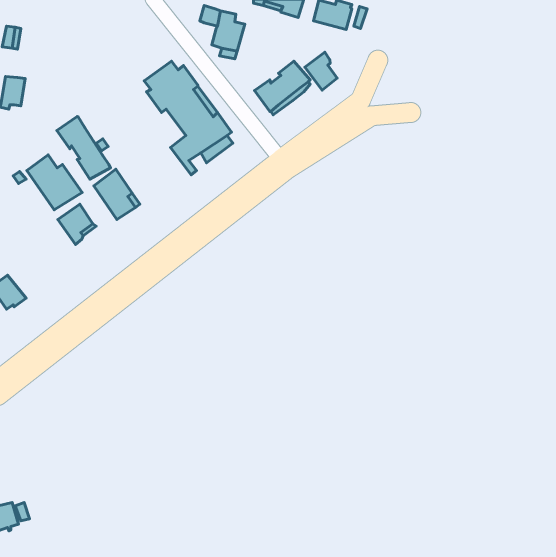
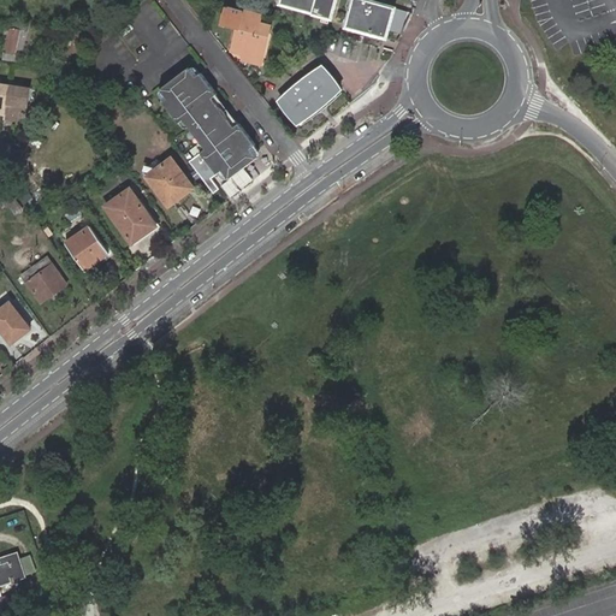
building: [305,52,337,90] -> none
building: [57,116,111,179] -> none
building: none -> [144,158,190,205]
building: [27,155,82,210] -> none
building: none -> [25,265,64,302]

